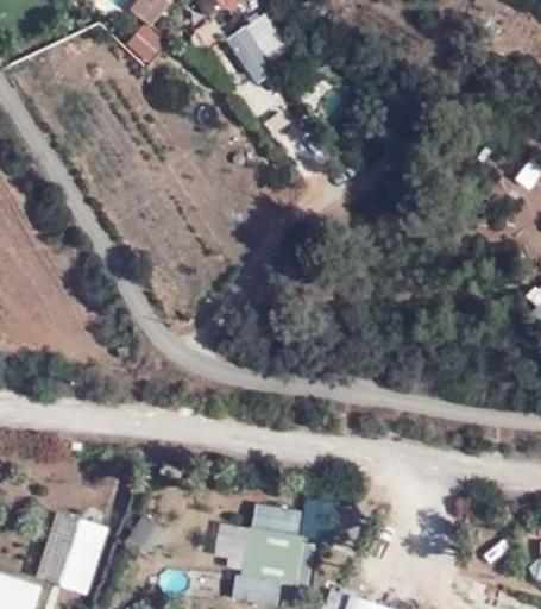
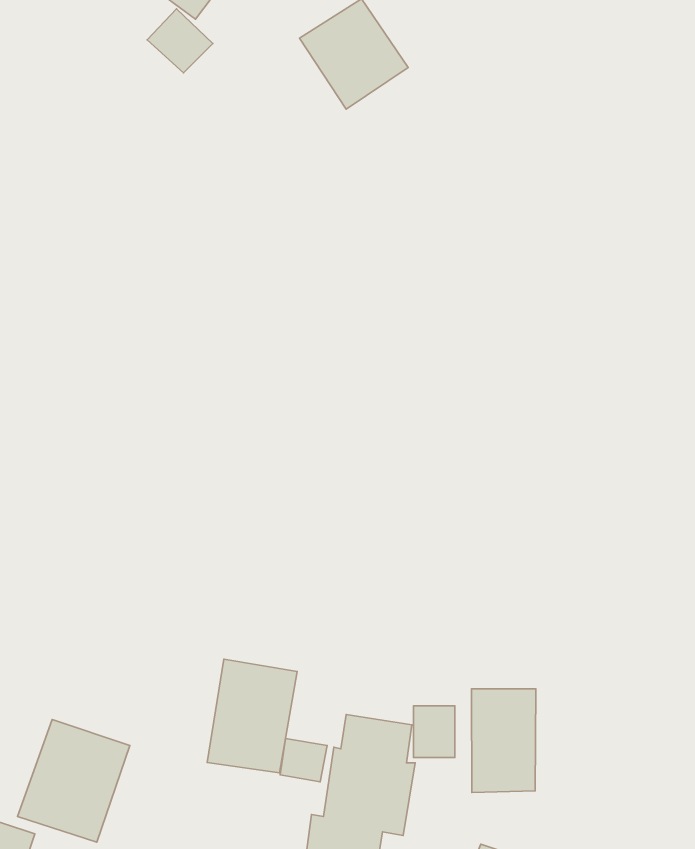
building: none -> [207,659,297,773]
building: none -> [471,689,536,793]

